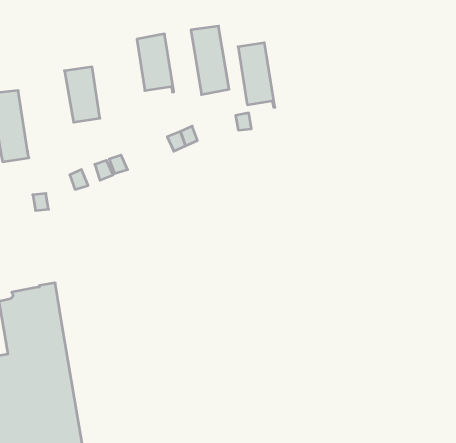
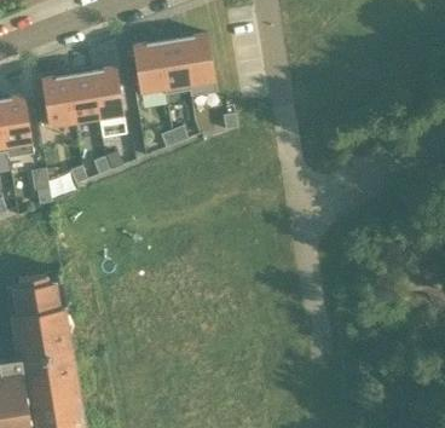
building: [238,43,275,107] -> [157,37,191,97]
building: none -> [91,66,123,118]
building: none -> [40,75,74,127]

